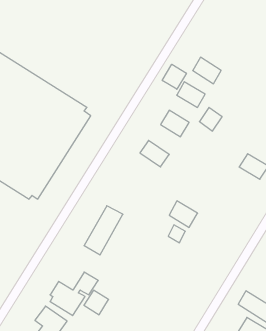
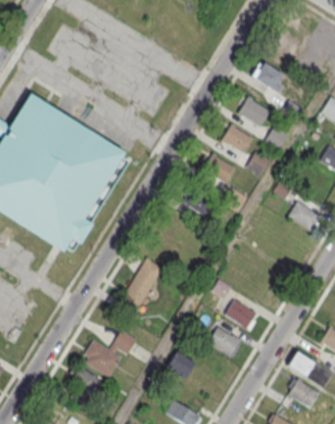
building: none -> [255,63,283,92]
building: [162,64,186,89] -> none
building: [169,201,198,227] -> [226,299,256,328]
building: none -> [208,326,239,356]
building: [84,290,109,315] -> [167,352,194,379]

